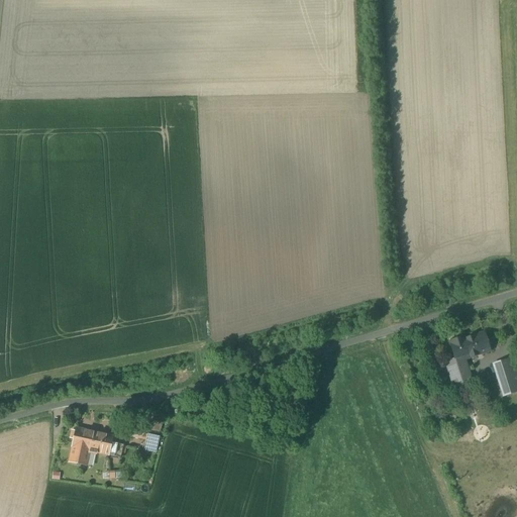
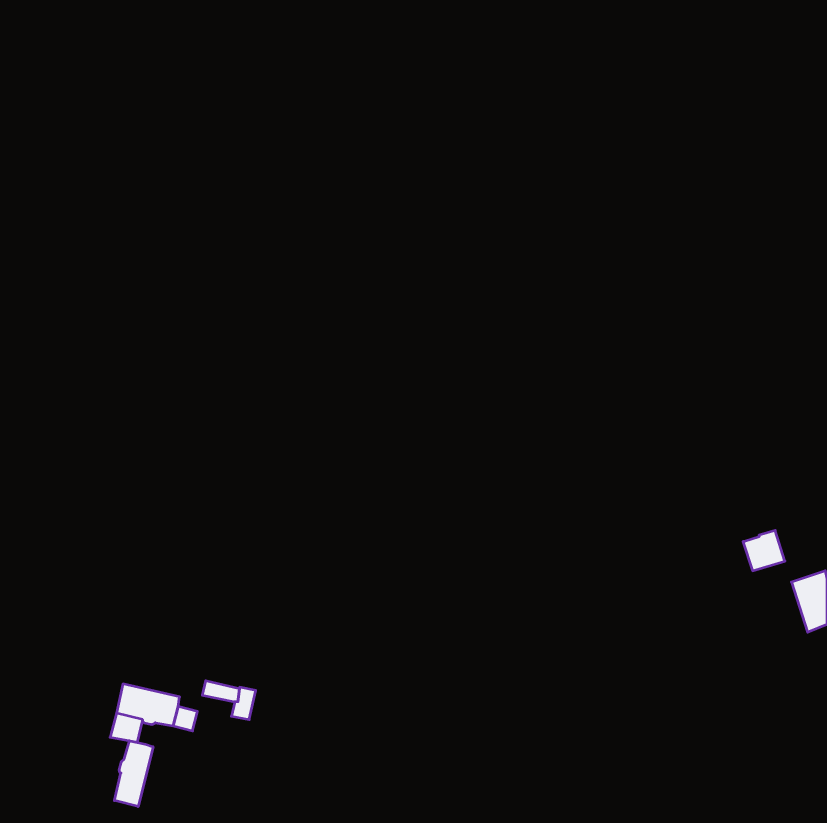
building: [445,336,470,379] -> none
building: none -> [114,741,153,807]

